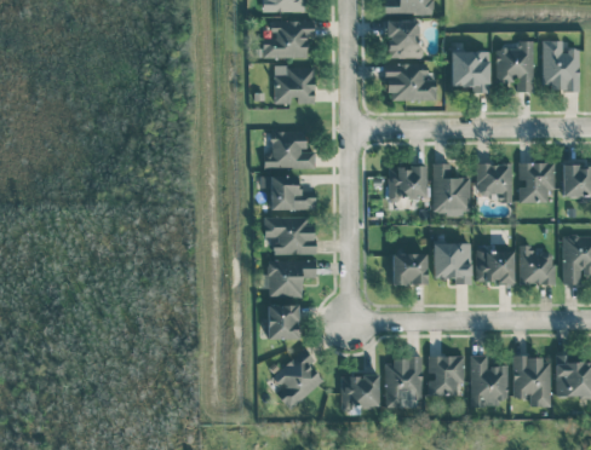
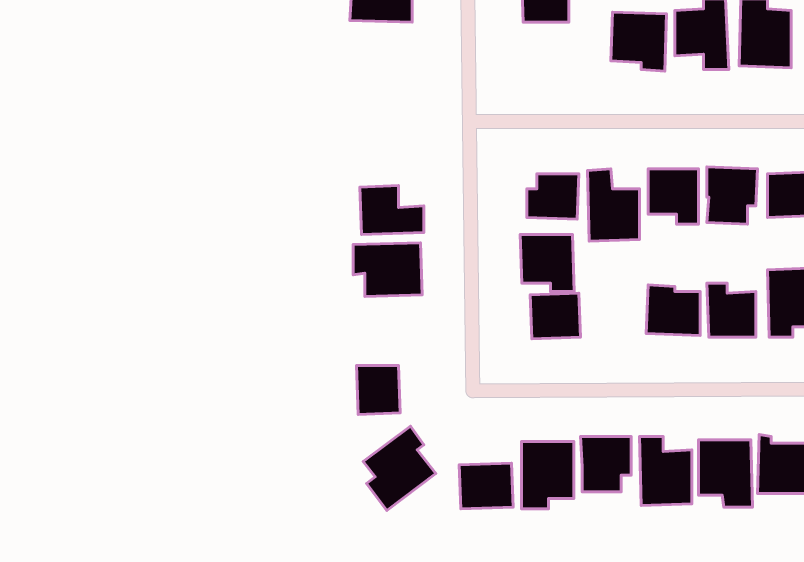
building: [388,63,437,102] -> none
building: [275,67,316,104] -> none
building: [265,131,316,168] -> none
building: [434,243,472,284] -> [520,234,574,292]
building: [266,260,317,298] -> none

